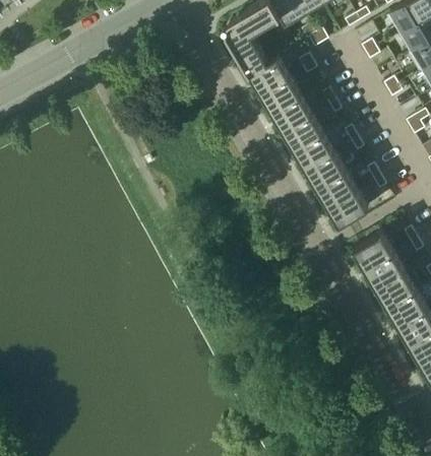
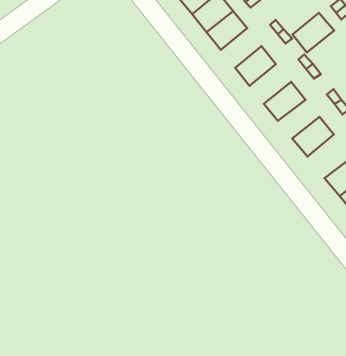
building: [271,93,311,130] -> none
building: [294,132,334,169] -> [293,13,334,53]
building: [316,171,357,206] -> none

